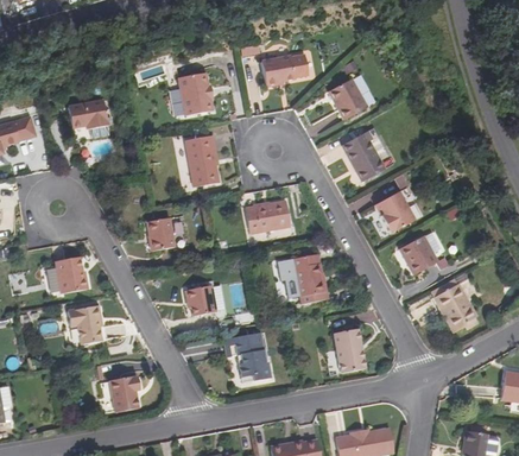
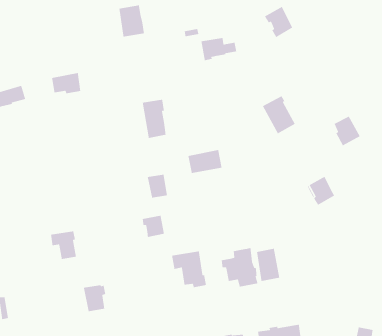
building: [179,72,214,115] -> [118,4,145,37]
building: [329,77,367,119] -> [264,6,293,38]
building: [379,191,414,232] -> [333,115,361,147]
building: [147,217,175,249] -> [147,174,168,199]
building: [279,253,328,305] -> [221,247,258,287]
building: [56,256,88,292] -> none
building: [435,283,476,331] -> none

